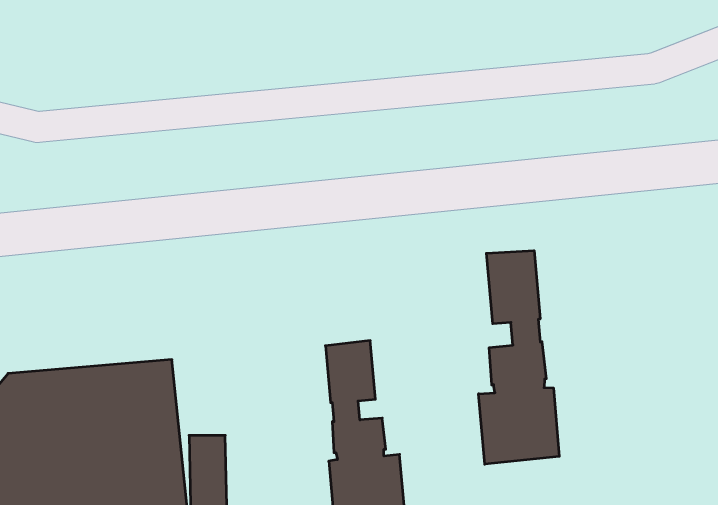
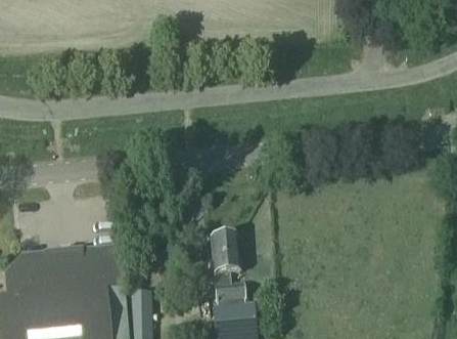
building: [479,251,559,464] -> none

